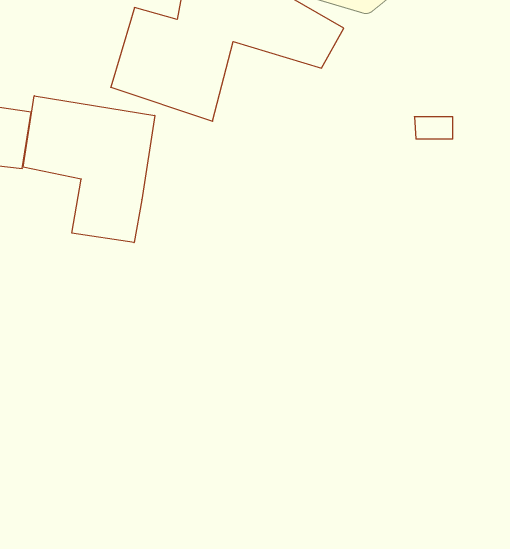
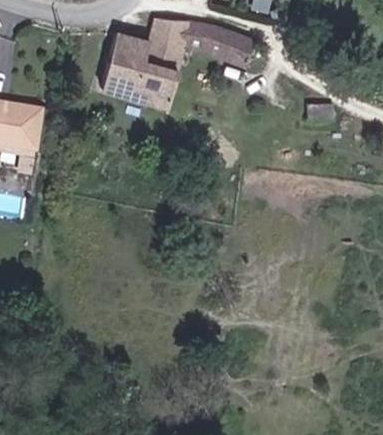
building: [23,96,155,243] -> none

